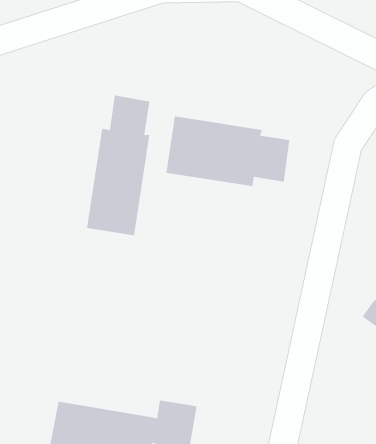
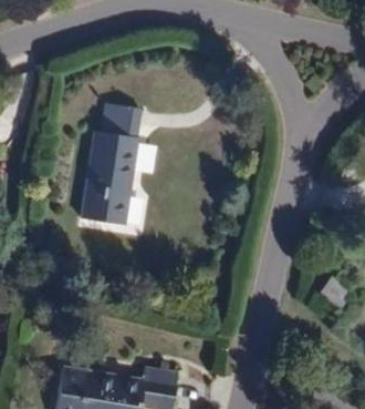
building: [166,116,290,187] -> none

